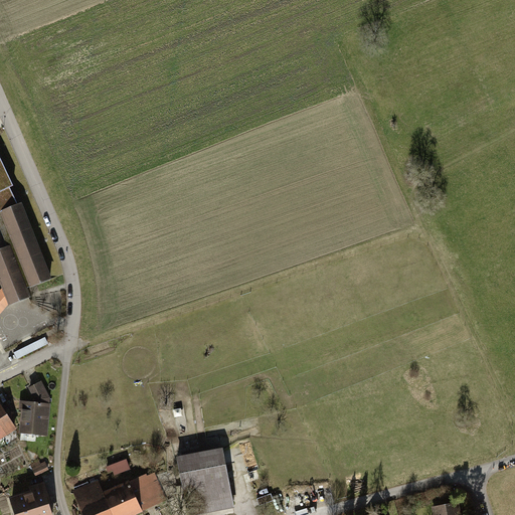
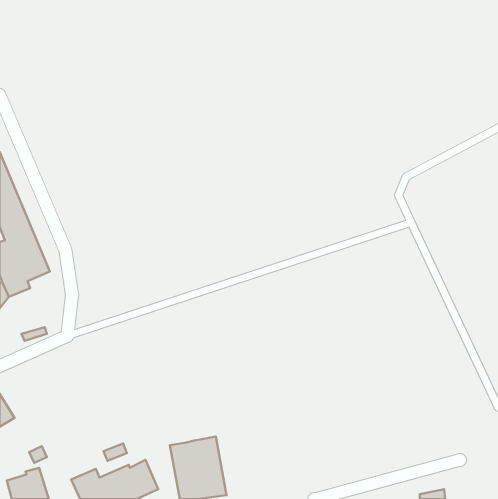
building: [20,380,50,436] -> none

